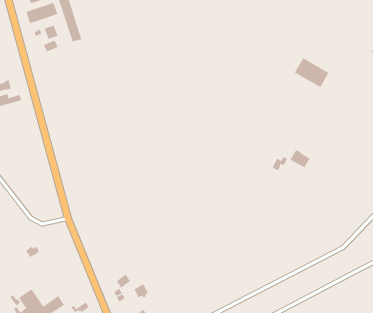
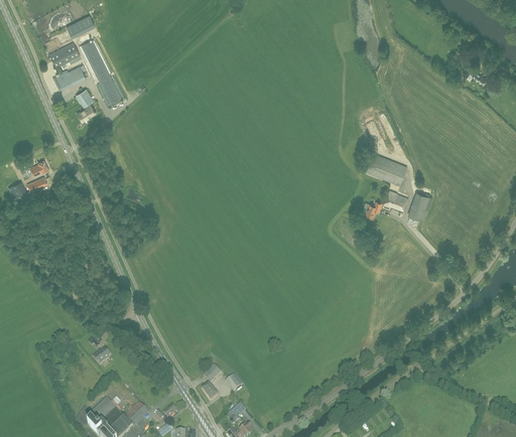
building: [294,57,329,88] -> [366,153,407,185]
building: none -> [409,192,432,222]

